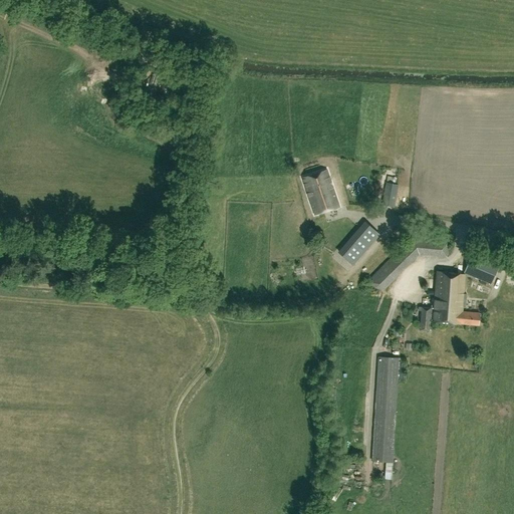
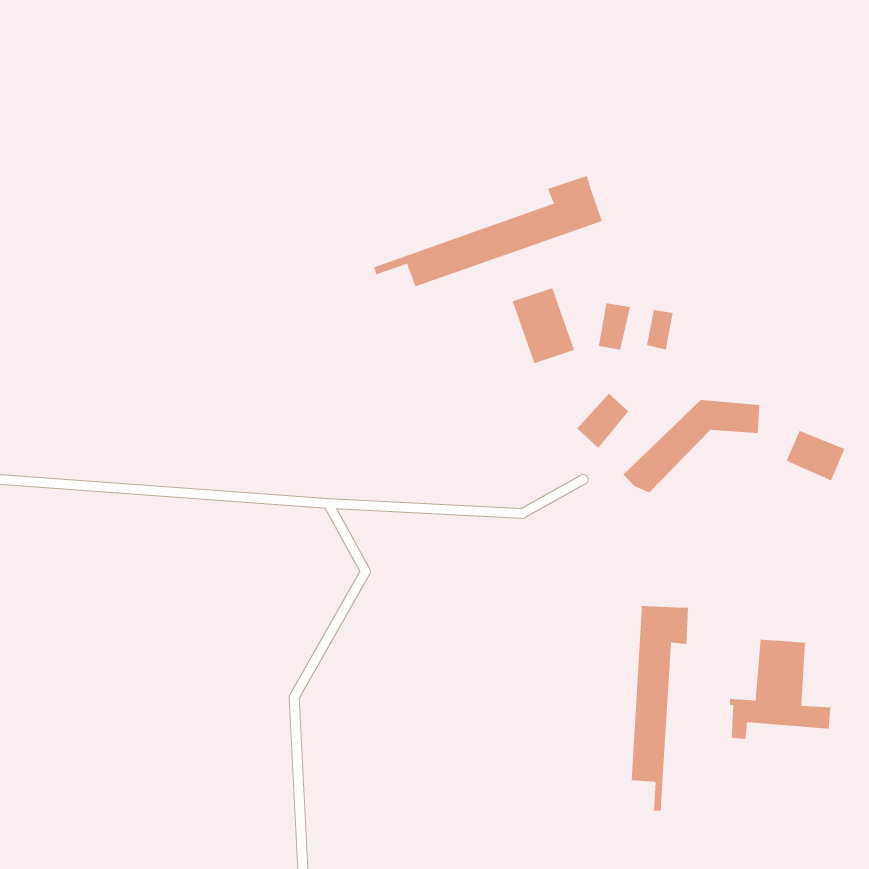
building: none -> [374,175,602,287]
building: none -> [598,302,630,350]
building: [419,272,479,331] -> [729,639,831,739]

